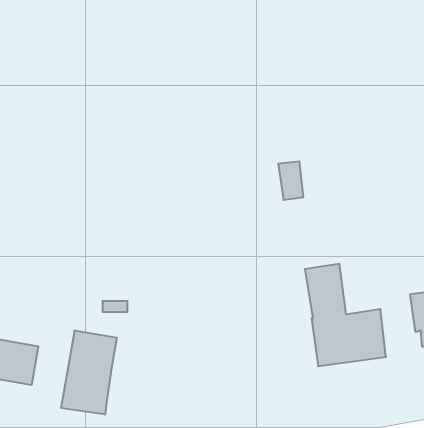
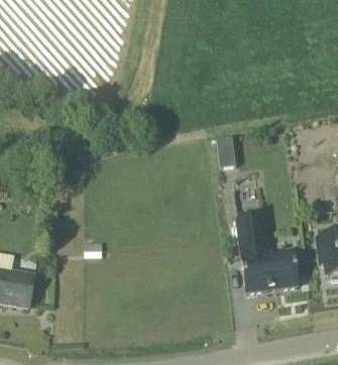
building: [61,330,117,415] -> none

